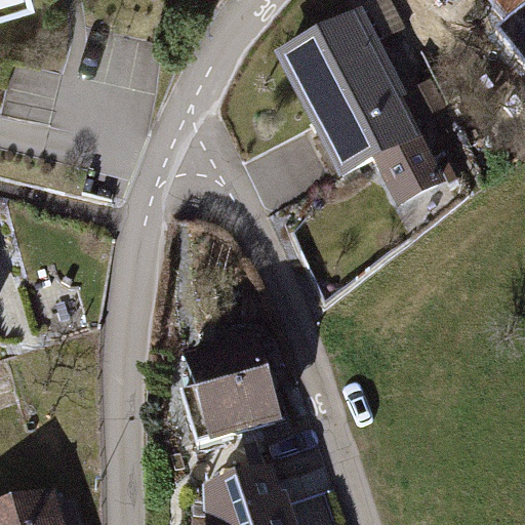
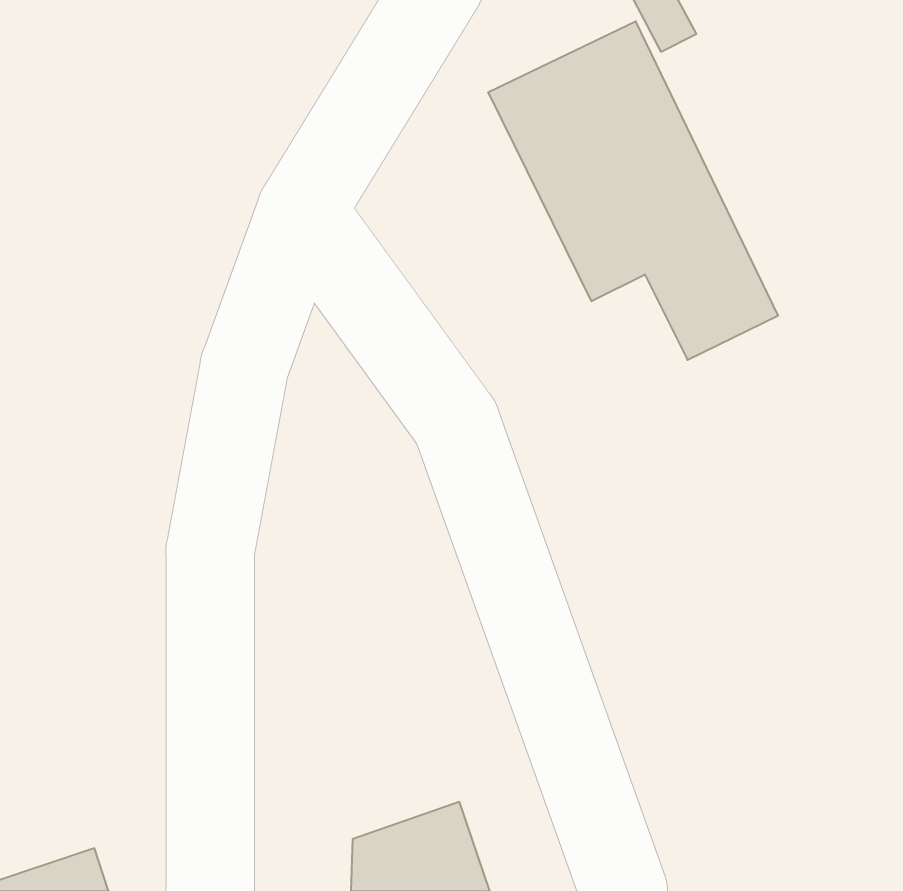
building: [174,335,269,445] -> none

